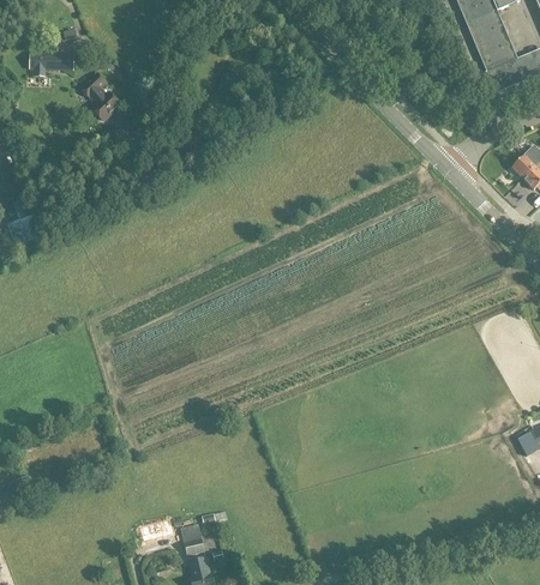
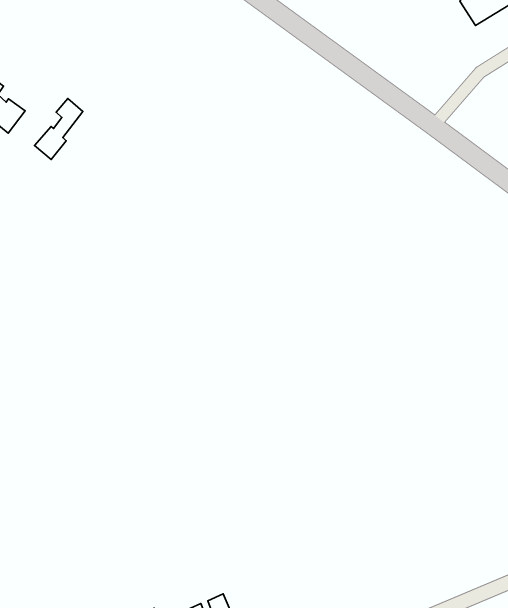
building: none -> [35,99,83,159]

